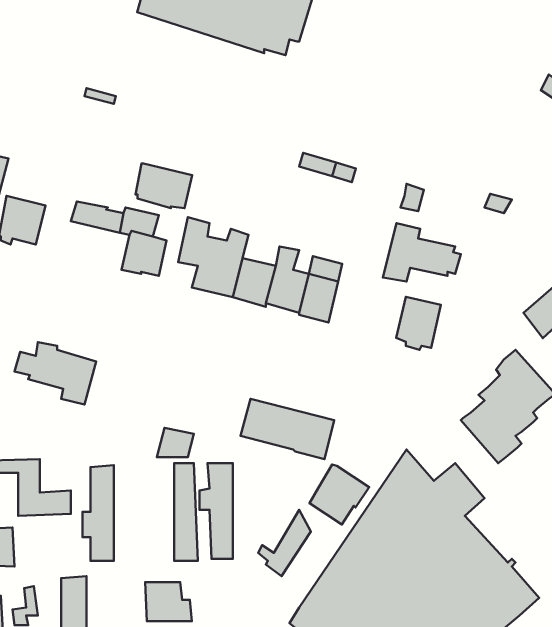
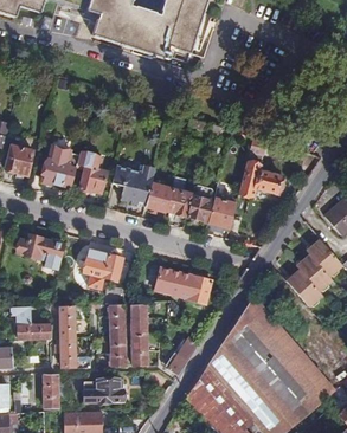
building: [136,163,192,208] -> [44,160,78,187]
building: [396,297,441,350] -> [208,199,236,231]
building: none -> [84,252,120,289]
building: [309,465,369,525] -> none

